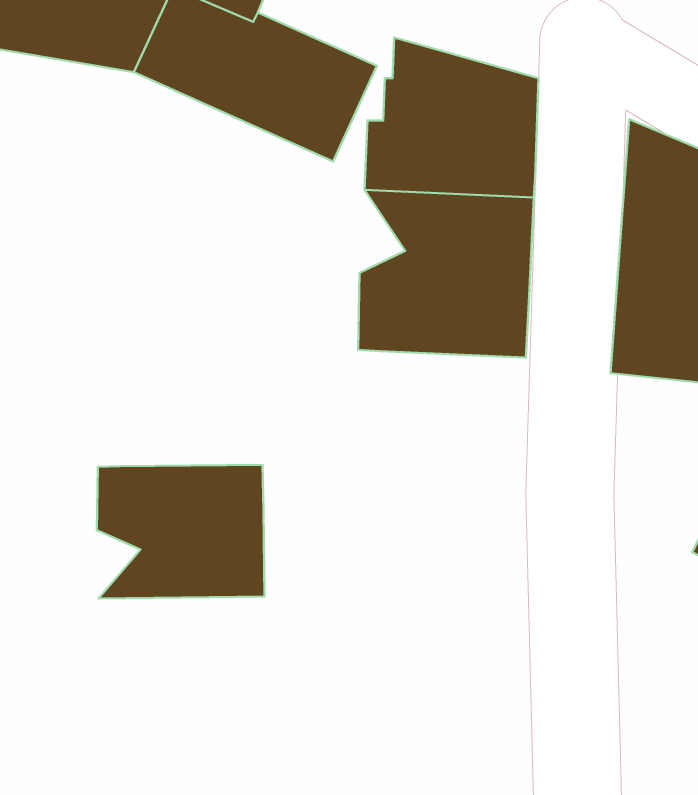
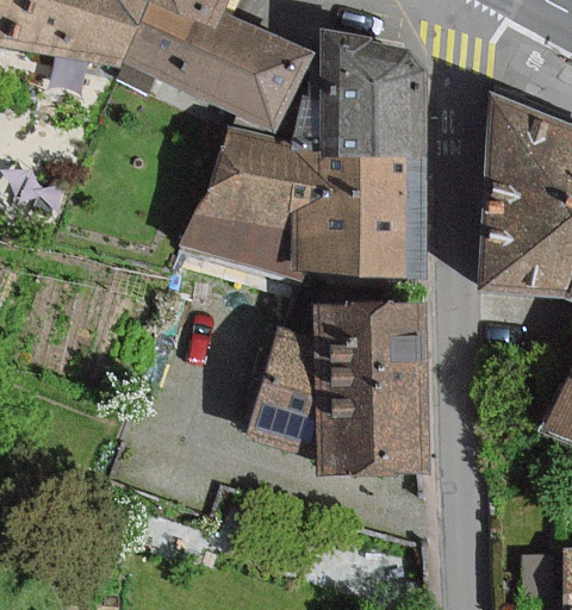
building: none -> [182,136,328,268]
building: none -> [243,299,427,478]
building: [97,465,264,599] -> none

